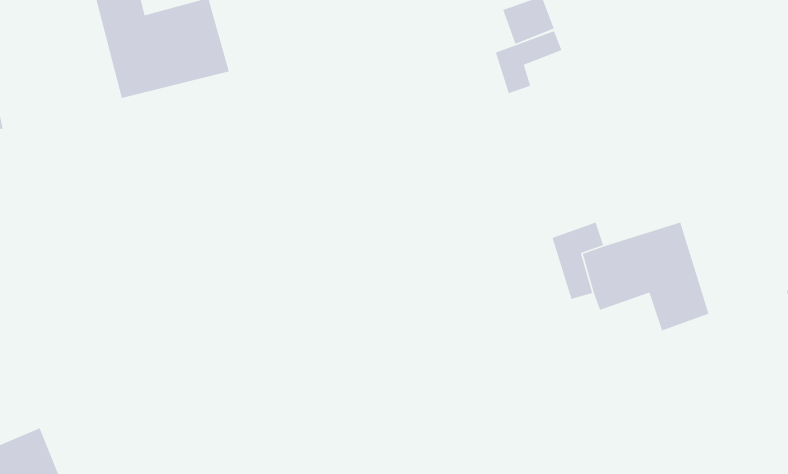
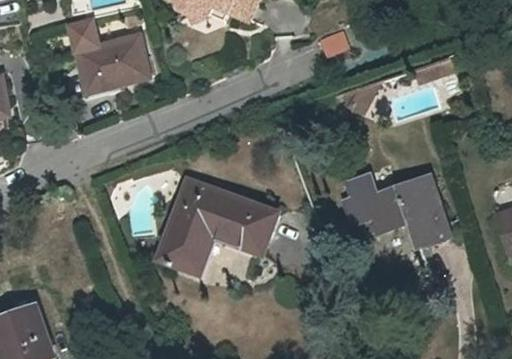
building: [495,30,562,94] -> none
building: none -> [159,183,281,275]

